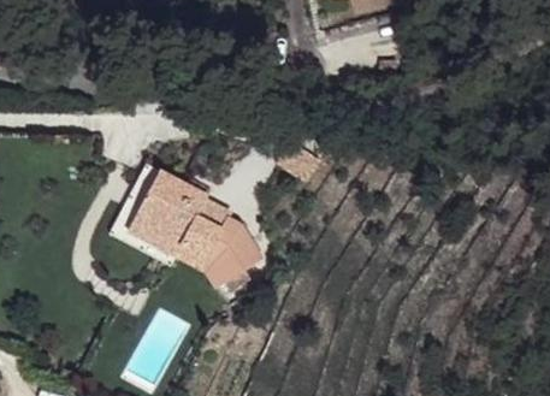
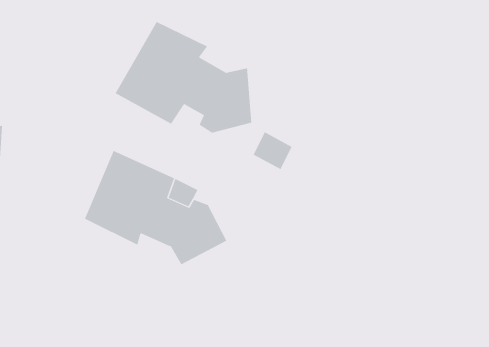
building: none -> [115,21,252,133]

